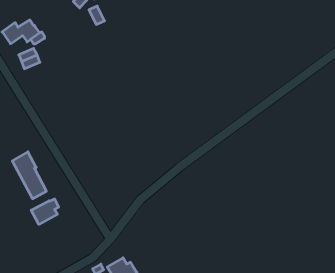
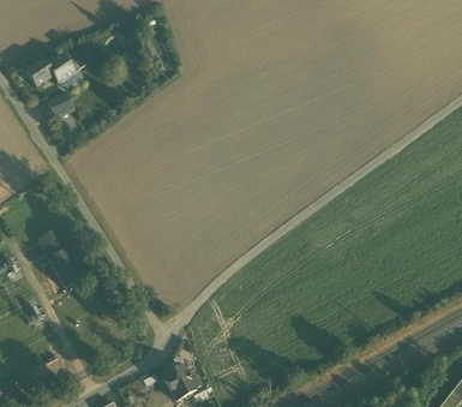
building: [31,199,59,224] -> none

